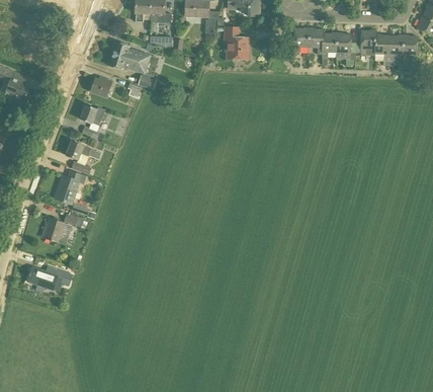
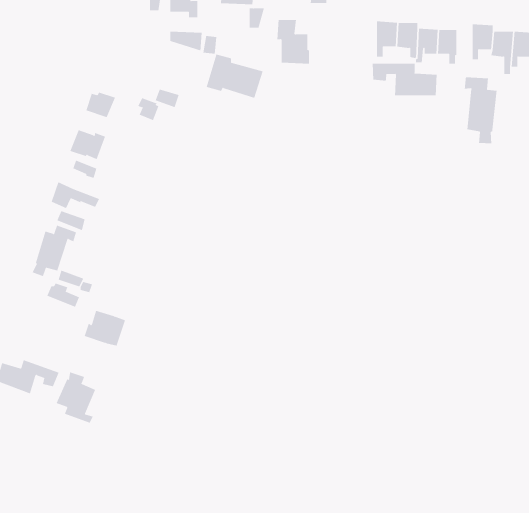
building: [110,42,151,73] -> [206,54,264,99]
building: none -> [372,63,437,96]
building: none -> [464,76,497,144]
building: [42,218,72,243] -> [84,310,126,346]
building: none -> [56,371,96,424]

